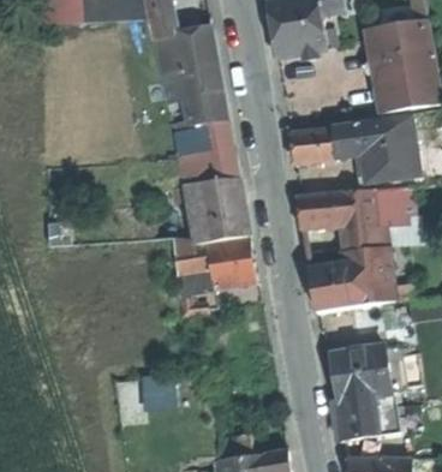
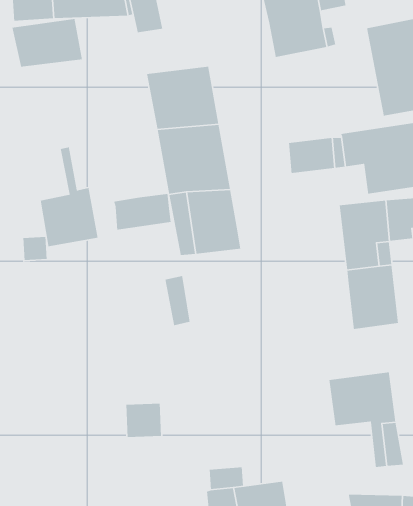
building: [153,26,219,72] -> [11,18,83,68]
building: none -> [40,147,98,247]
building: none -> [113,193,171,230]
building: [298,193,342,229] -> none
building: [207,235,257,288] -> none
building: [309,265,352,313] -> none
building: [333,394,372,441] -> none

